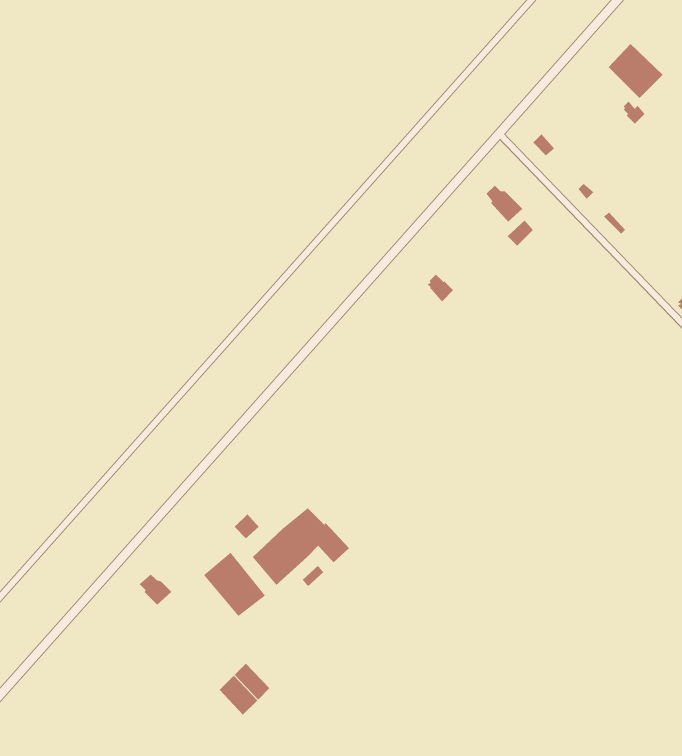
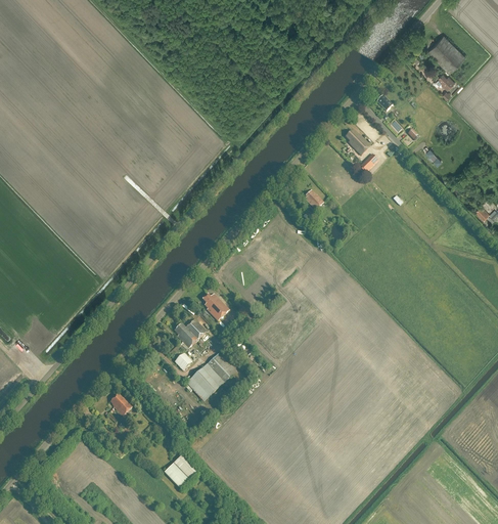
building: none -> [202,294,229,321]
building: none -> [174,319,206,348]
building: [203,552,266,617] -> none

